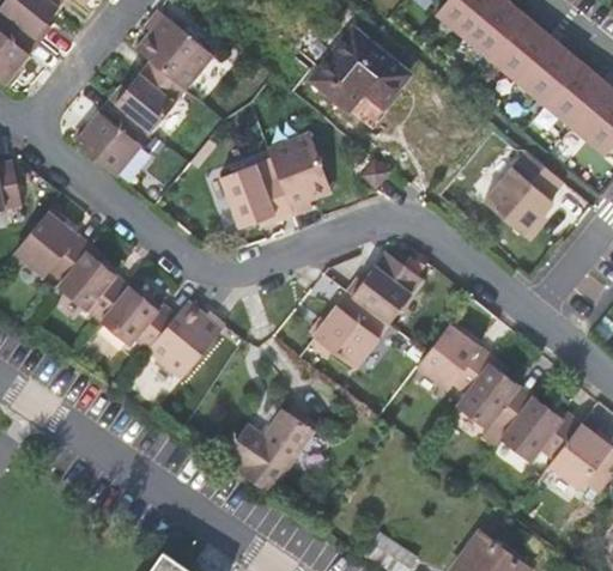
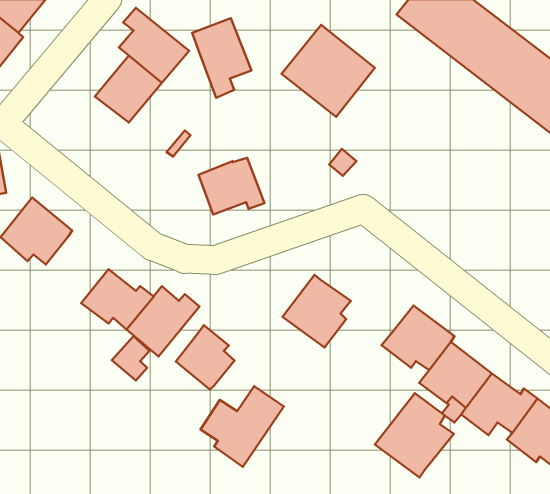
building: [74,98,145,175] -> none
building: [267,132,329,215] -> [192,18,251,98]
building: [484,152,563,241] -> none
building: [57,250,128,321] -> none
building: [351,250,423,322] -> none
building: none -> [176,325,234,390]
building: none -> [375,393,454,477]

